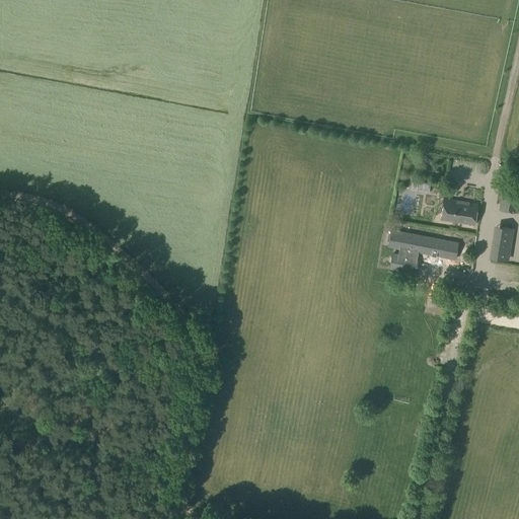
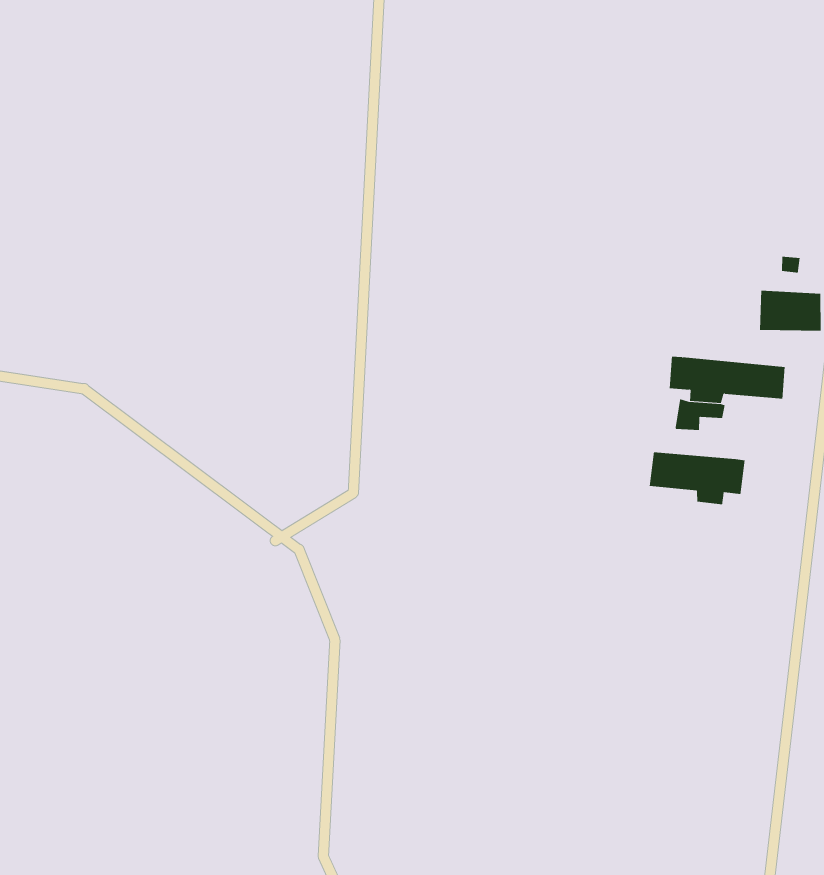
building: none -> [649,452,745,505]

